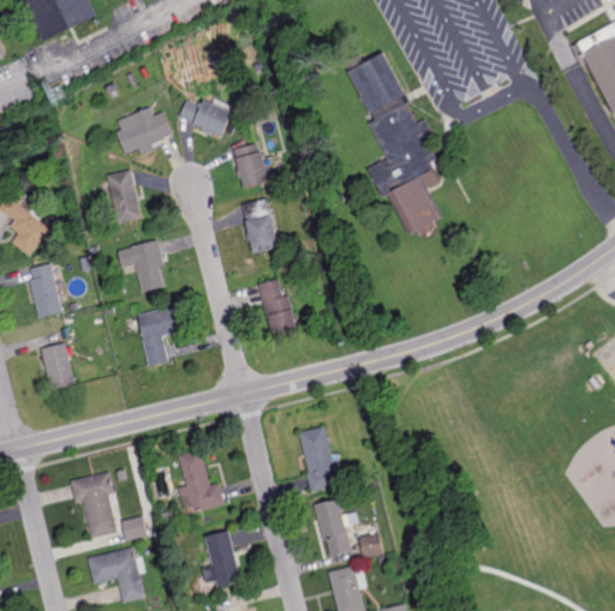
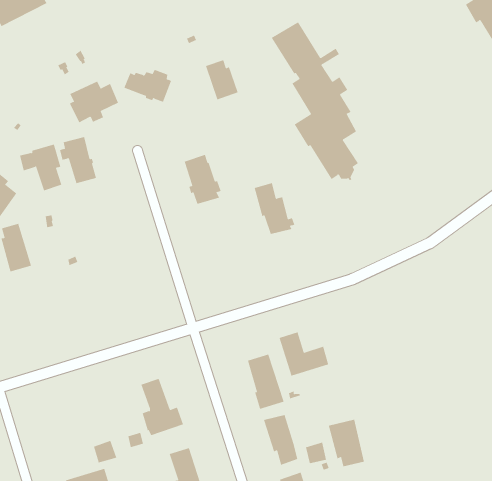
building: [234,143,270,188] -> [205,59,239,100]
building: [117,240,163,293] -> [19,144,62,191]
building: [258,280,303,339] -> [254,183,295,235]
building: [138,306,179,367] -> none
building: [41,341,74,390] -> none
building: none -> [279,331,329,376]
building: [70,472,115,538] -> none
building: none -> [328,419,364,467]

